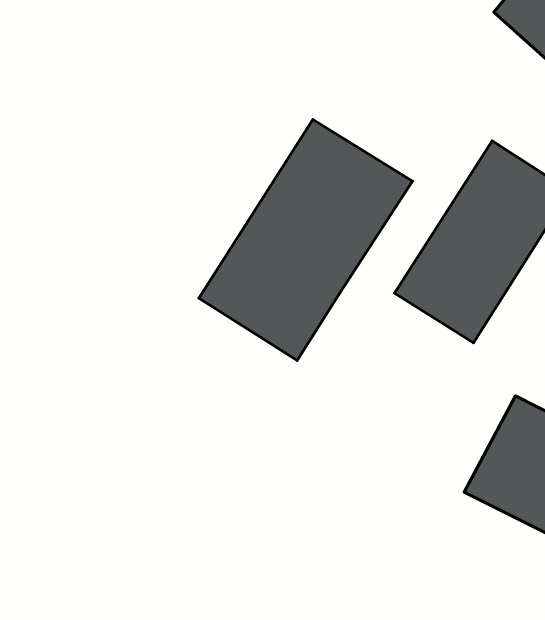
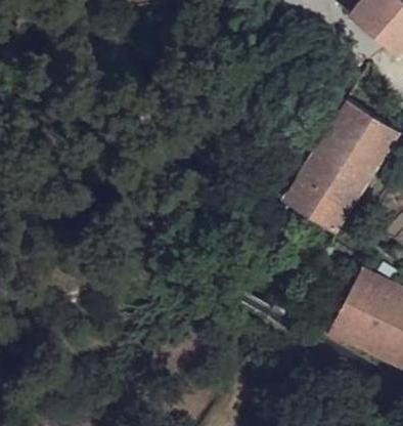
building: [199,120,413,360] -> none

